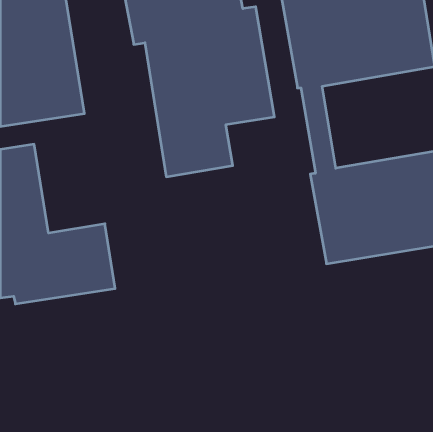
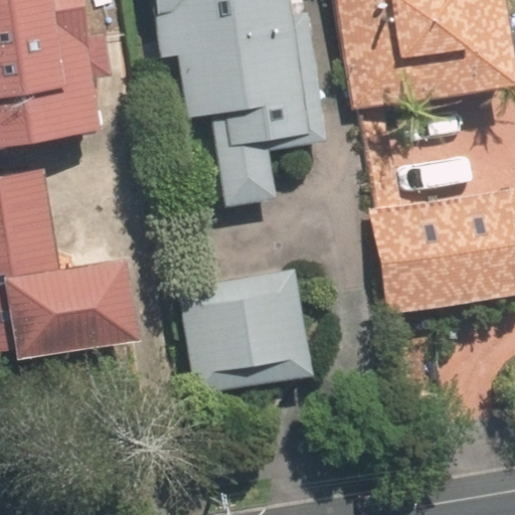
building: none -> [178,267,310,392]

